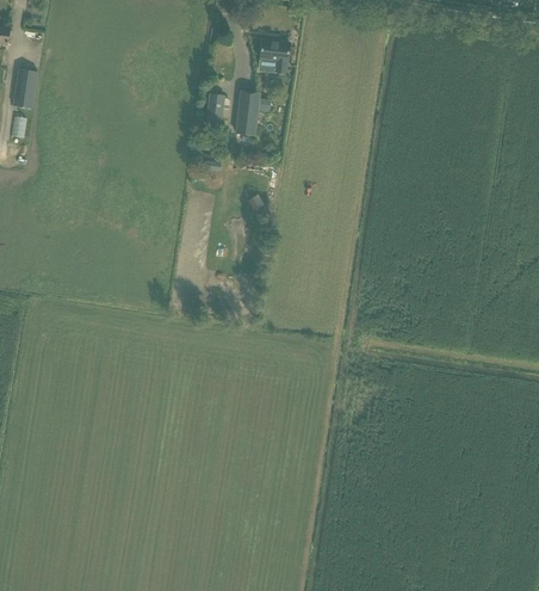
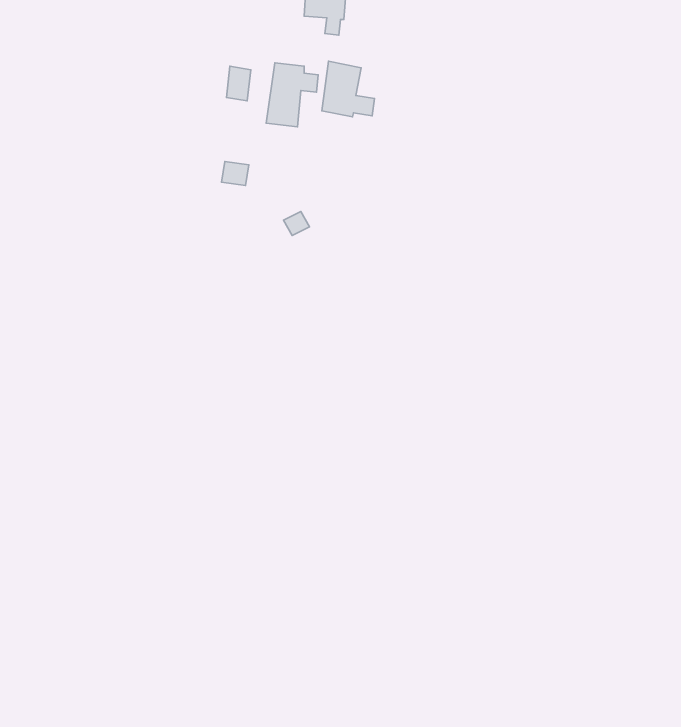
building: none -> [322,61,375,117]

